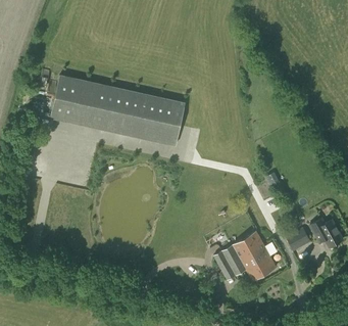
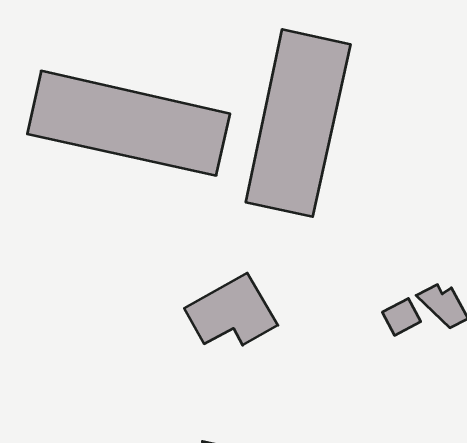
building: none -> [246,29,350,217]
building: [214,232,277,280] -> [184,273,278,345]

